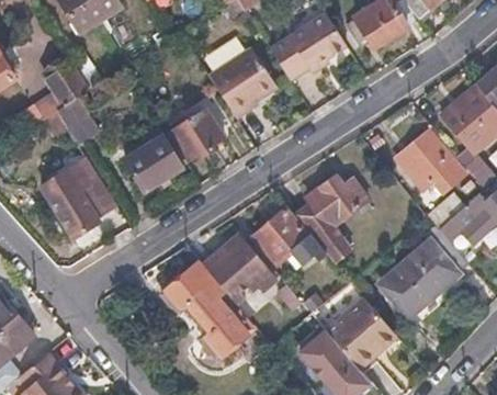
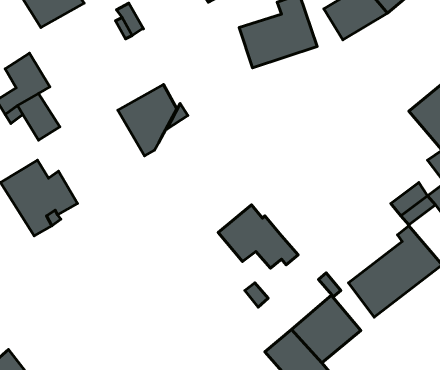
building: [213,46,282,114] -> none
building: [392,121,456,184] -> none
building: [123,138,180,193] -> none
building: [293,179,369,240] -> none
building: [203,235,273,298] -> none
building: [178,282,251,352] -> none

